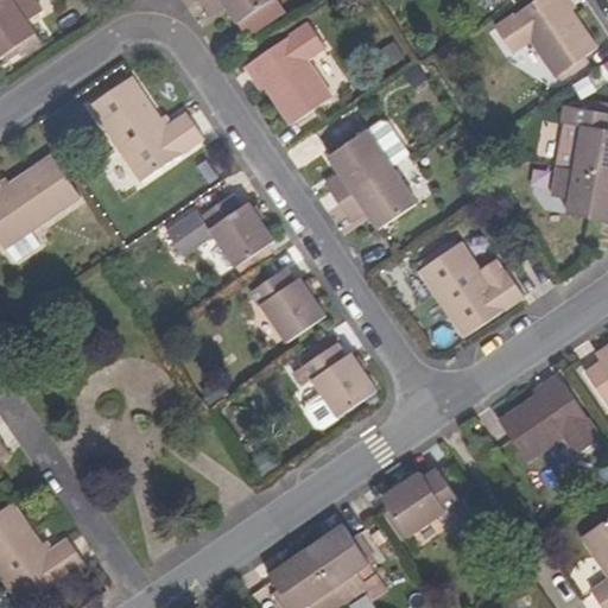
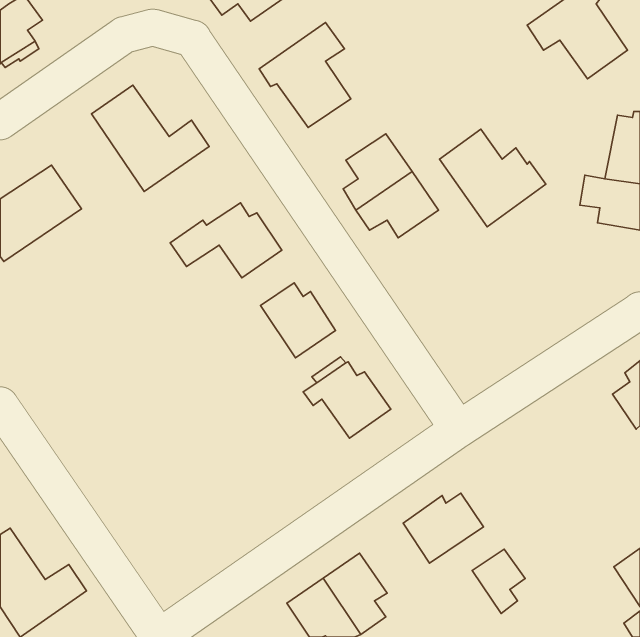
building: [419,243,520,336] -> [439,129,546,227]
building: [496,373,597,462] -> none
building: none -> [472,549,525,613]

